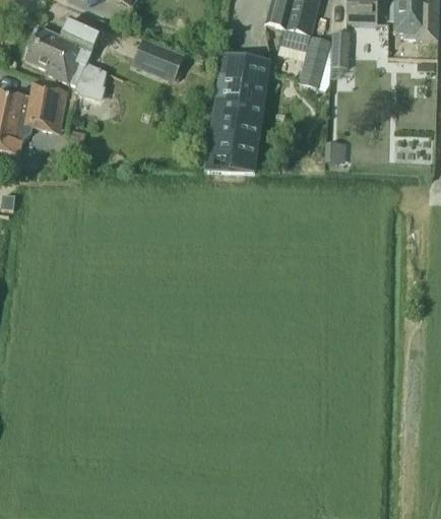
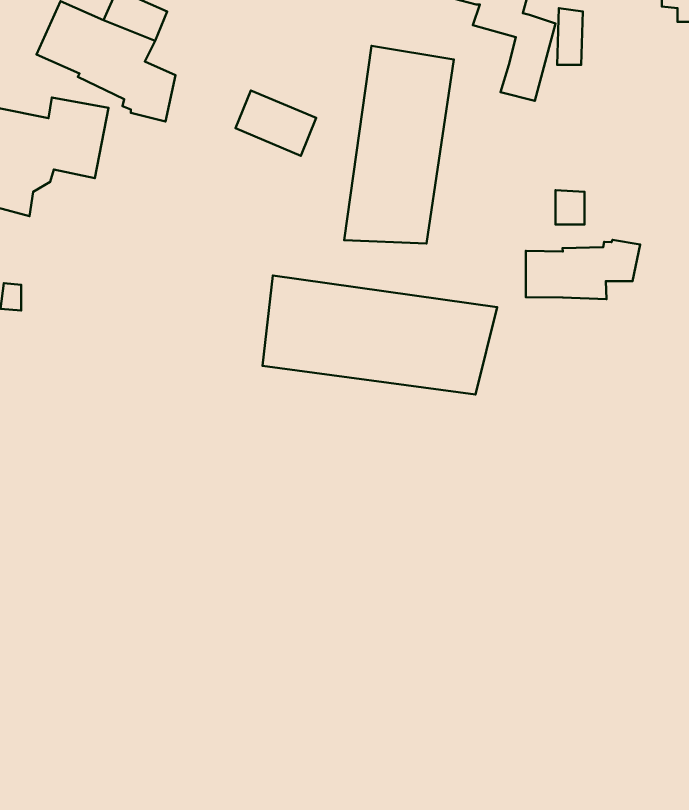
building: [135,42,183,80] -> [235,90,316,156]
building: none -> [526,240,640,299]
building: none -> [263,276,497,394]

